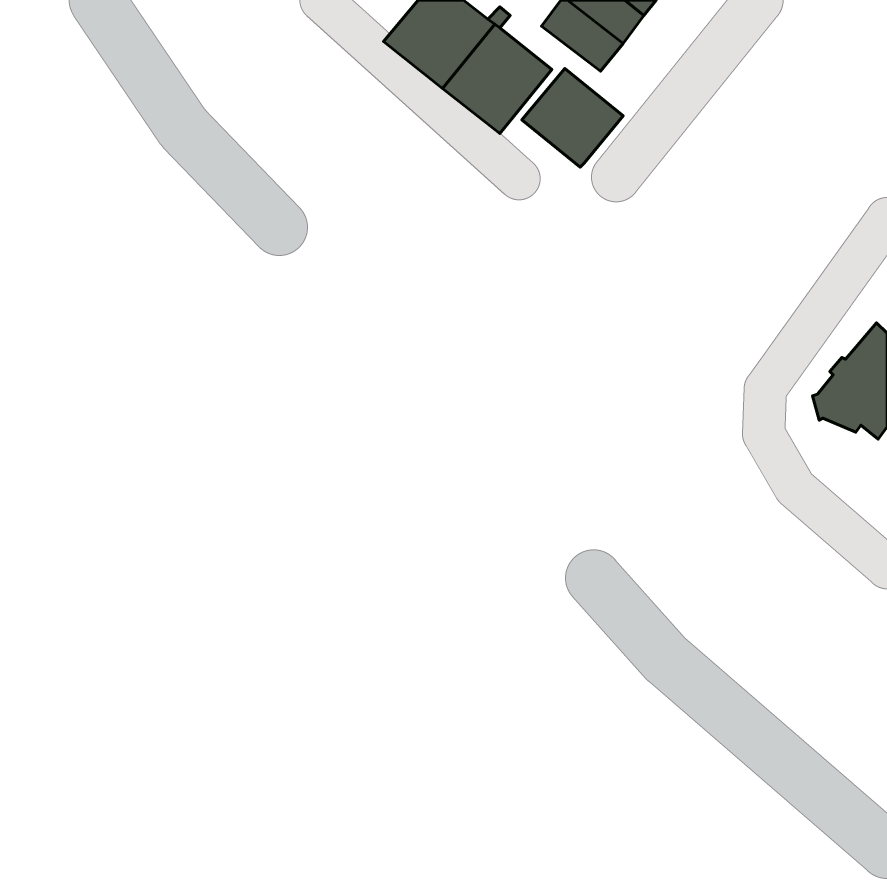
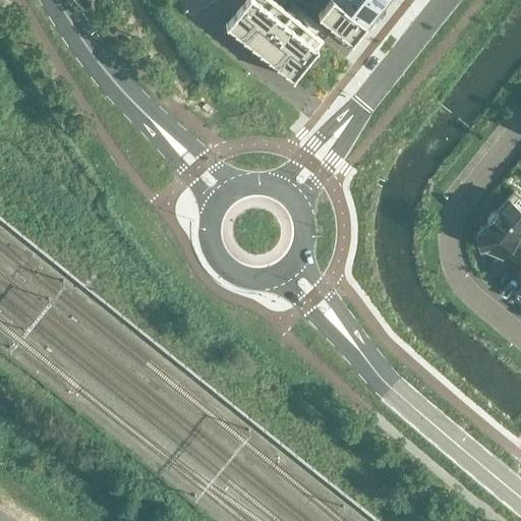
building: [522,68,623,167] -> none

